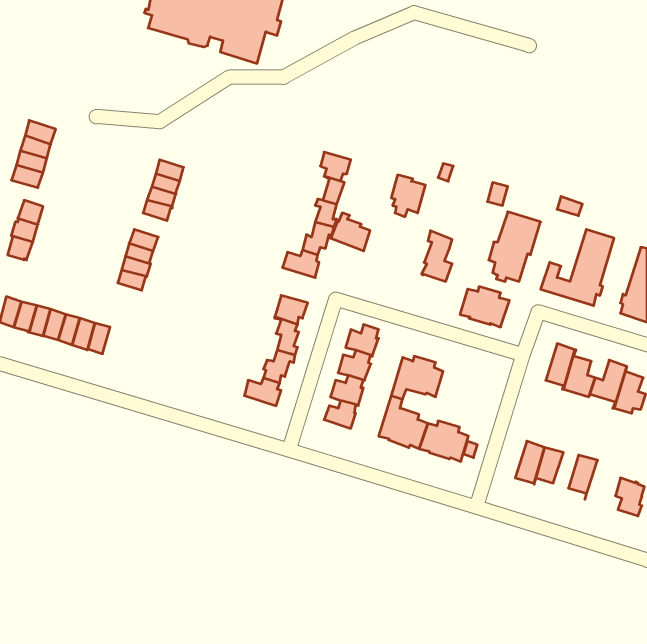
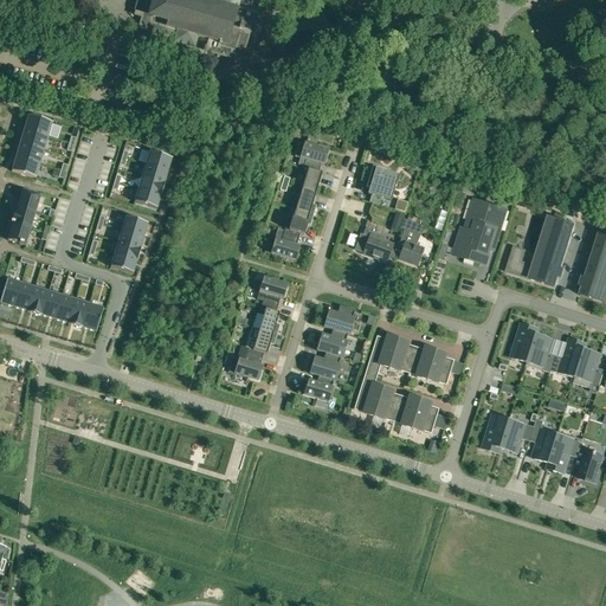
building: [331,213,370,251] -> [355,225,392,260]
building: [460,287,509,327] -> [407,344,453,382]
building: none -> [547,430,582,472]

